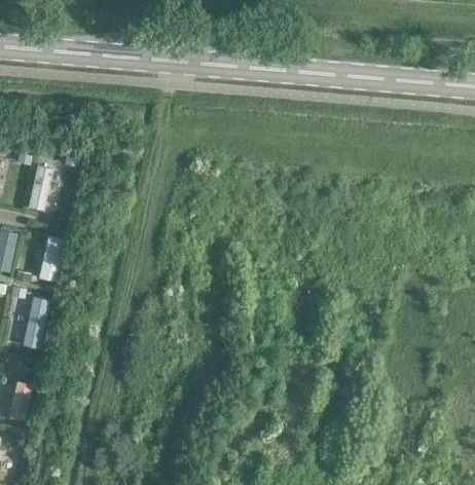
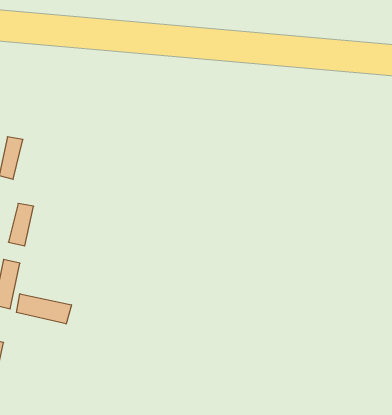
building: none -> [16,294,71,324]

